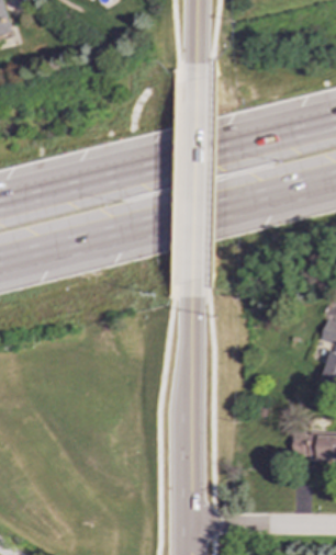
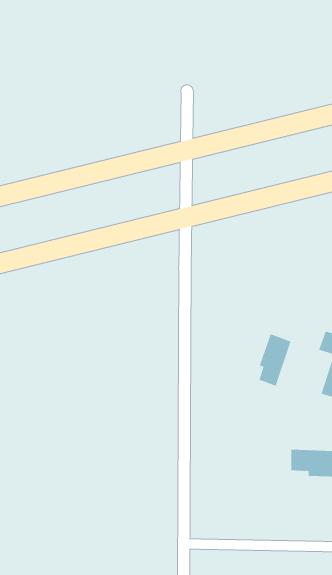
building: none -> [259,333,292,387]

